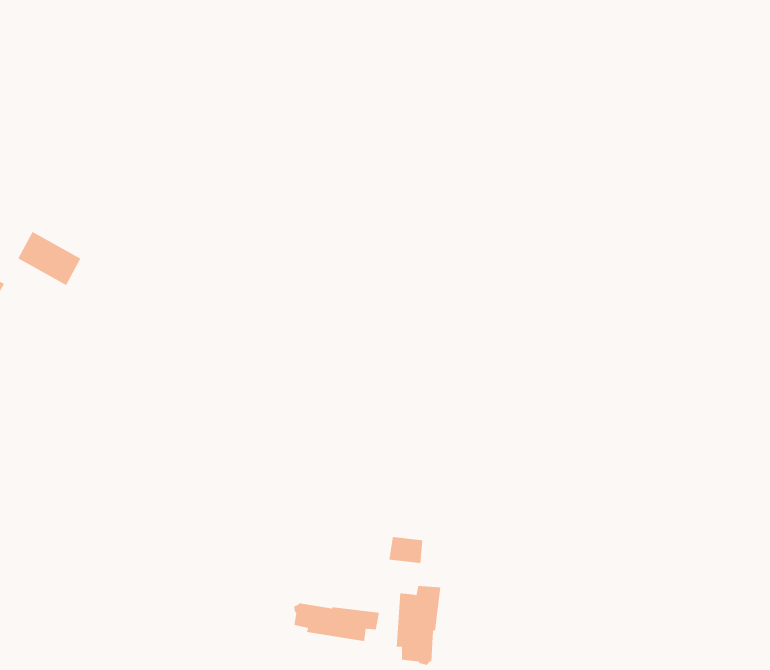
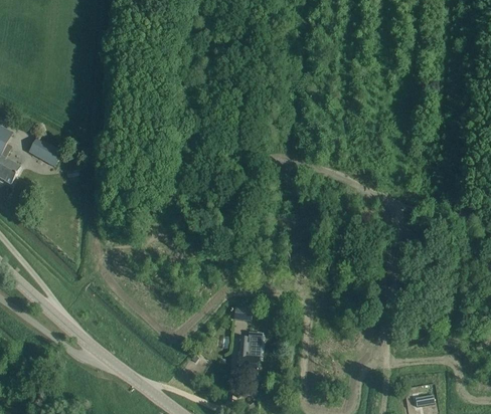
building: [294,602,379,642] -> none

